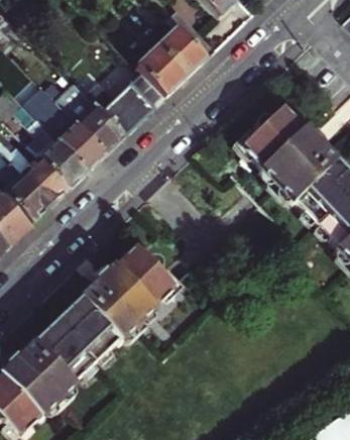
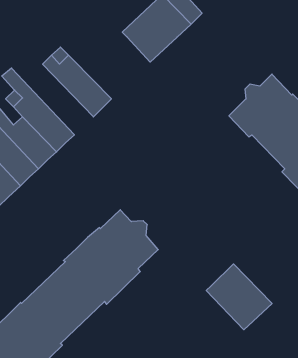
building: [85,73,163,135] -> none
building: [23,97,106,172] -> none
building: none -> [206,264,272,330]

